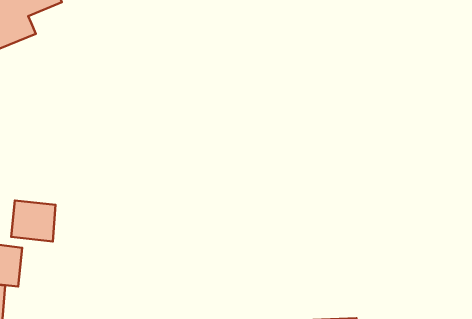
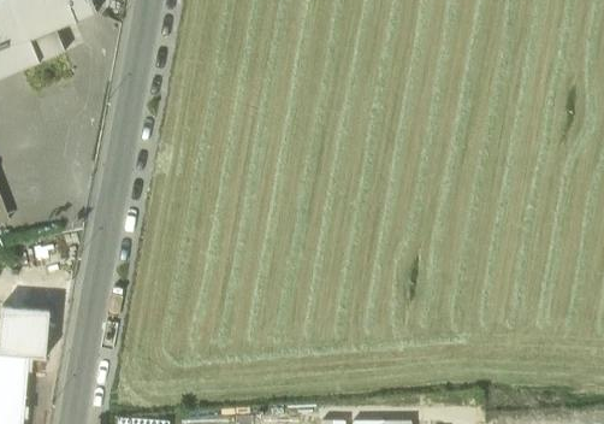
building: [11,201,55,241] -> none

